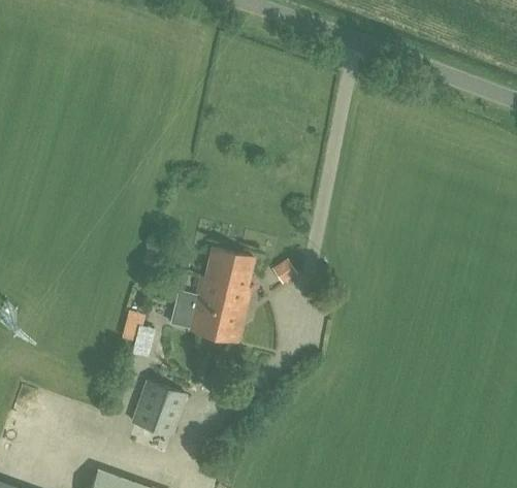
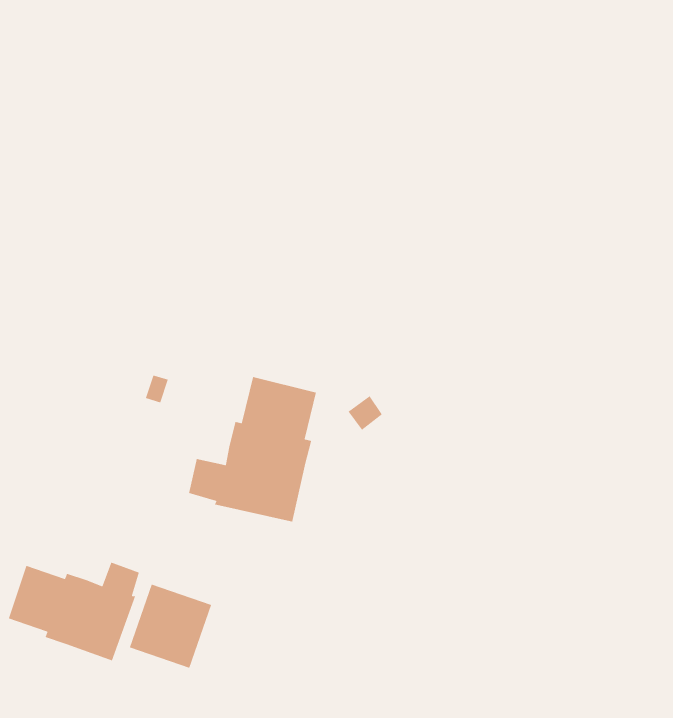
building: none -> [8,562,140,661]

